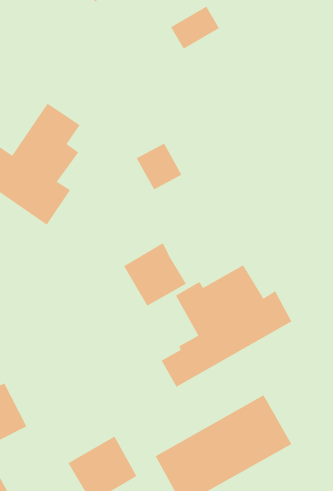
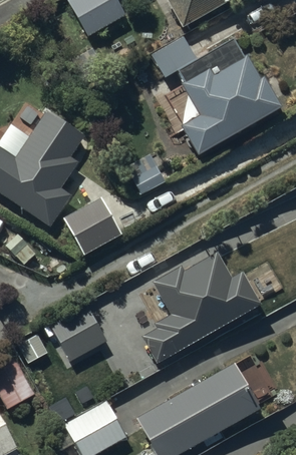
building: none -> [181,41,279,151]
building: [123,243,187,306] -> [65,198,119,253]
building: none -> [53,310,105,361]

